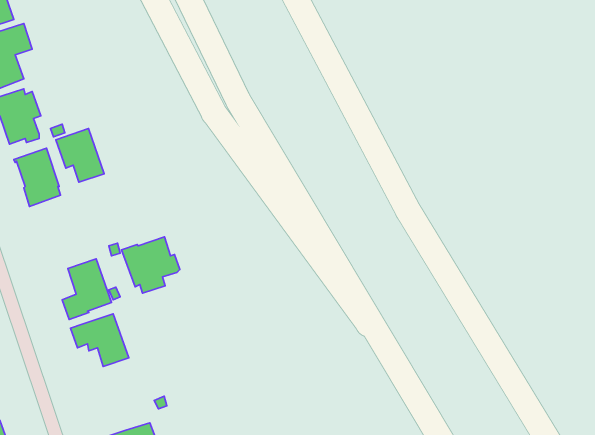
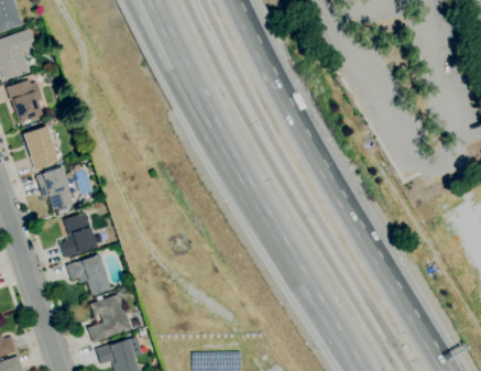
building: [56,128,104,182] -> [36,167,74,209]
building: [122,237,180,293] -> none
building: none -> [88,294,131,343]

